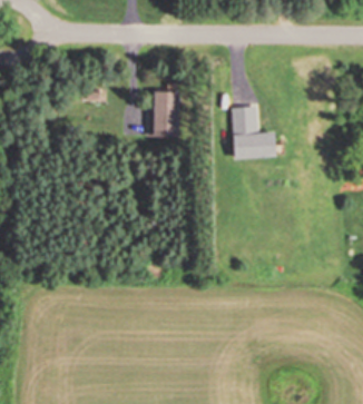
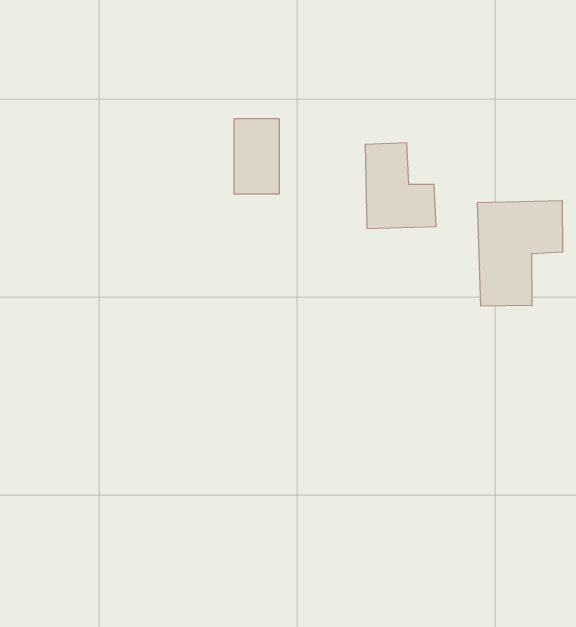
building: none -> [478,200,563,306]

